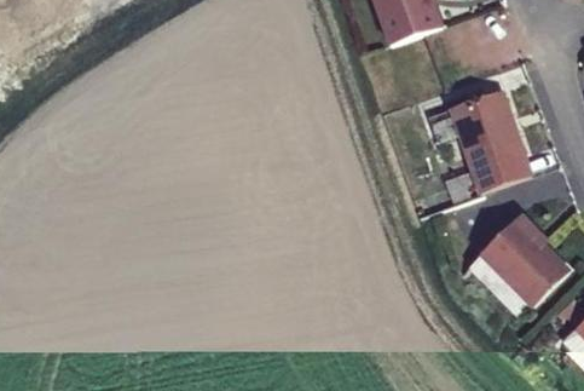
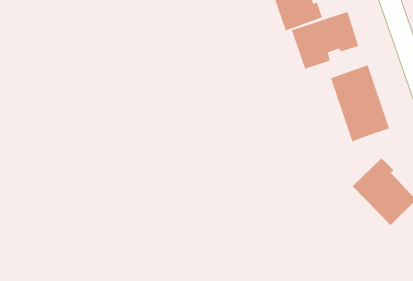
building: none -> [291,11,359,70]

